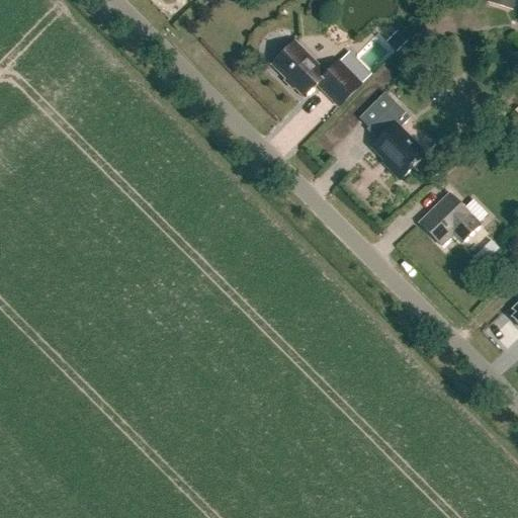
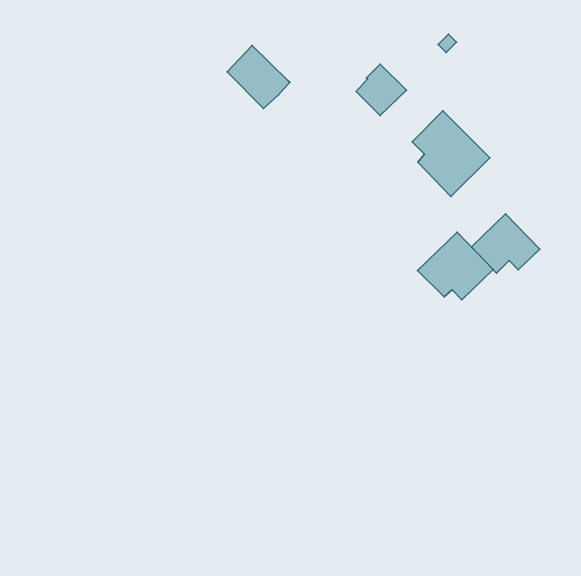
building: [270,37,326,93] -> [227,46,290,109]
building: none -> [418,232,493,300]

